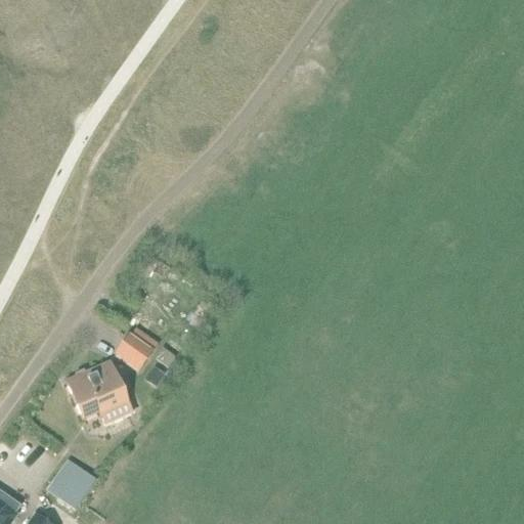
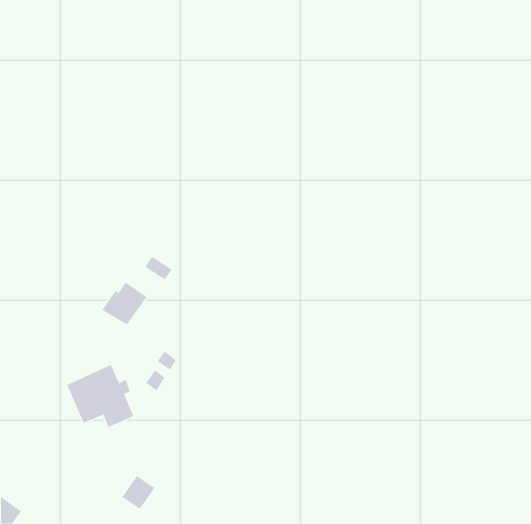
building: [113,326,158,369] -> [102,282,147,325]
building: [61,467,95,500] -> [121,475,156,509]

